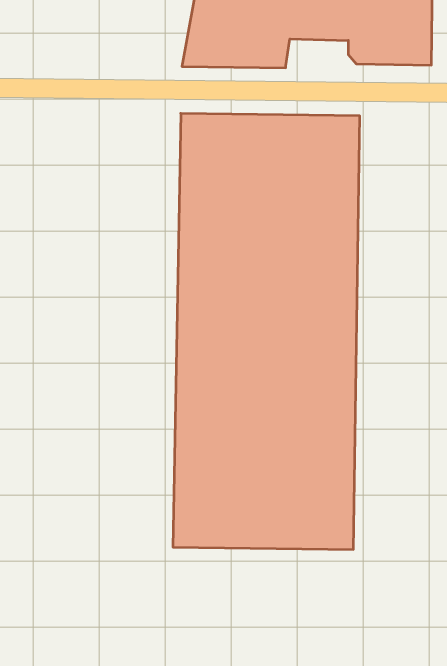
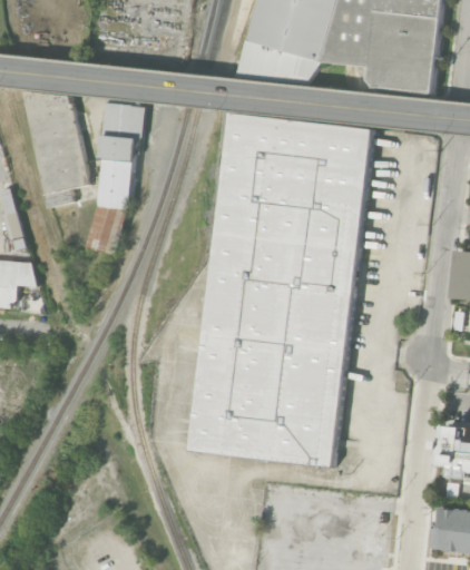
building: none -> [90,102,141,252]

